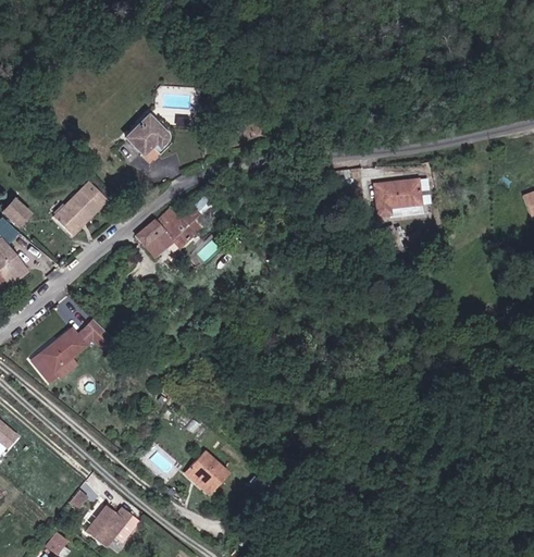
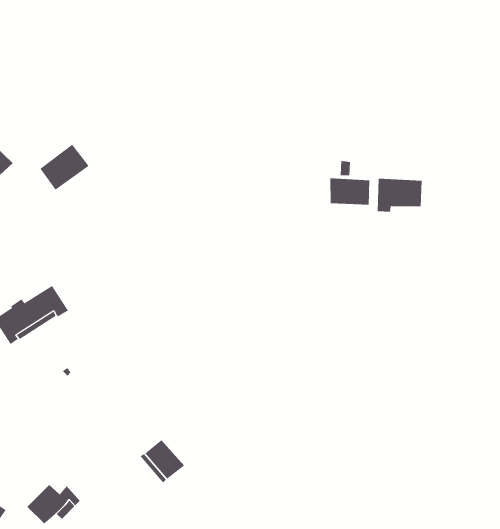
building: [124,116,163,153] -> none
building: none -> [330,177,370,205]
building: [134,194,215,260] -> none

